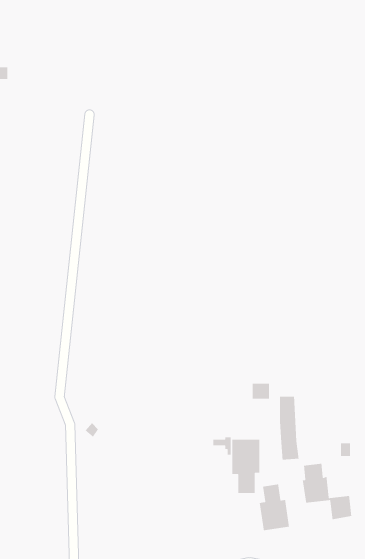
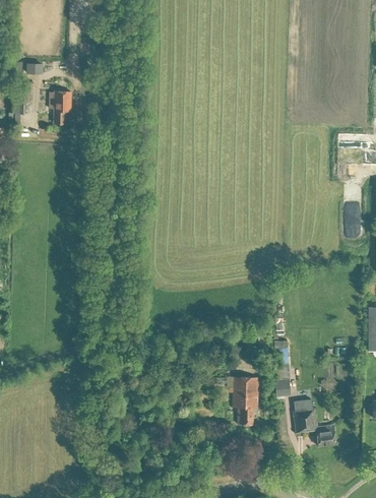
building: none -> [53,91,71,124]
building: [259,484,290,531] -> none

